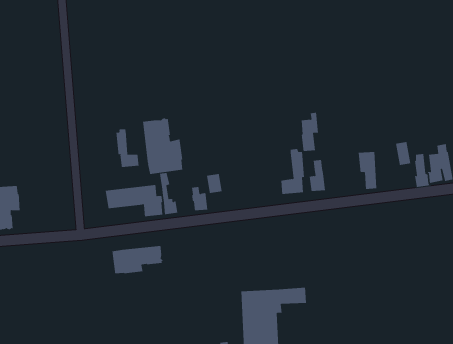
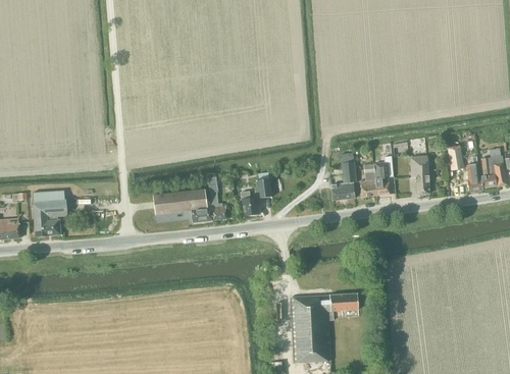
building: [301,112,319,151] -> [375,155,394,195]
building: [142,118,183,175] -> none
building: [116,129,139,168] -> none
building: [112,245,163,274] -> none

